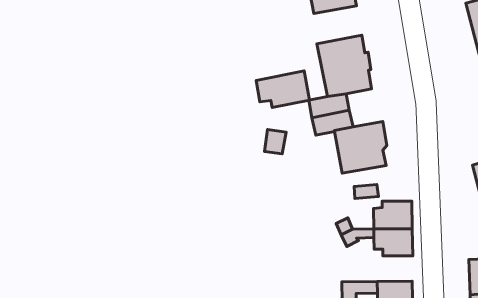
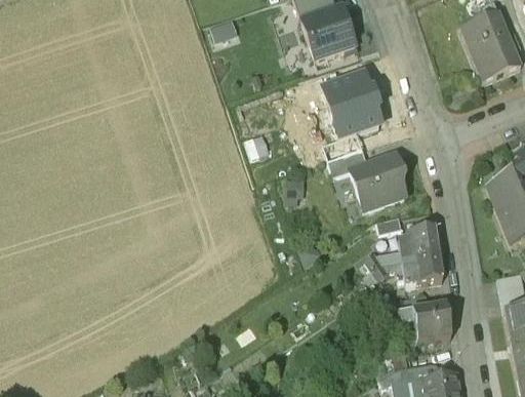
building: [256,71,310,107] -> none

